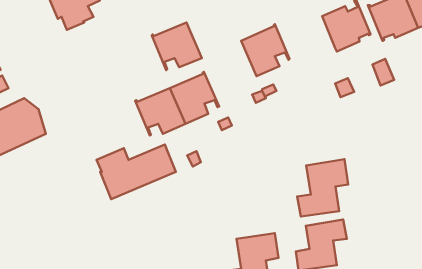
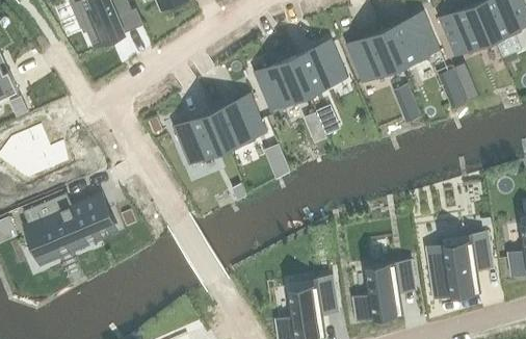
building: none -> [344,29,399,83]
building: [152,23,202,70] -> [253,57,310,111]
building: [96,144,176,199] -> [22,193,112,256]
building: [297,159,348,216] -> [431,232,490,297]

